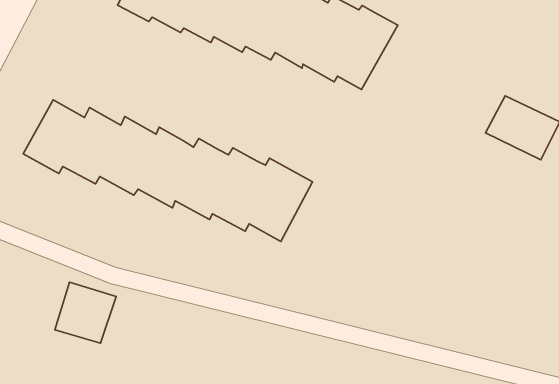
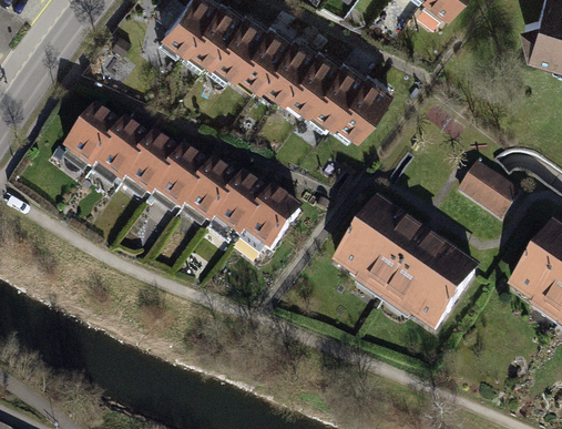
building: none -> [334,198,478,333]
building: [55,282,116,343] -> none

